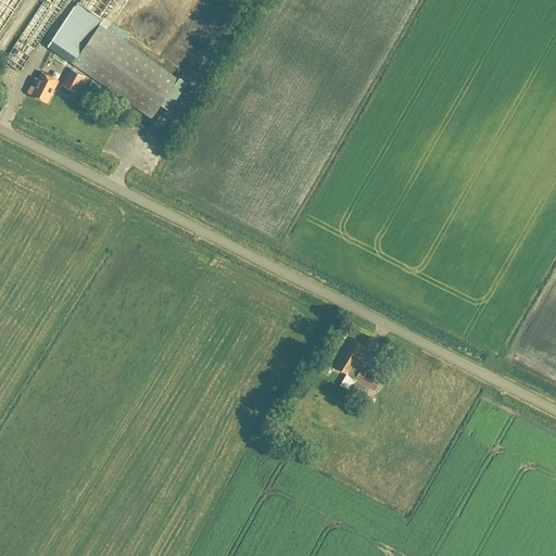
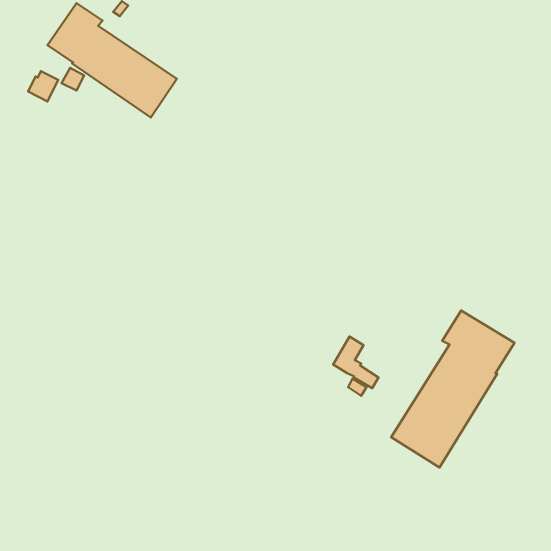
building: none -> [391,310,515,468]

